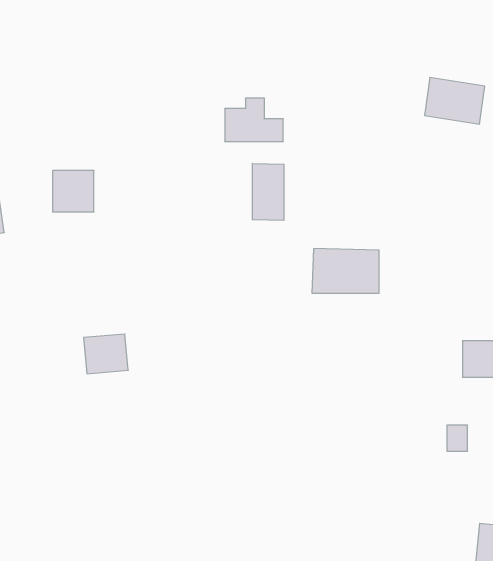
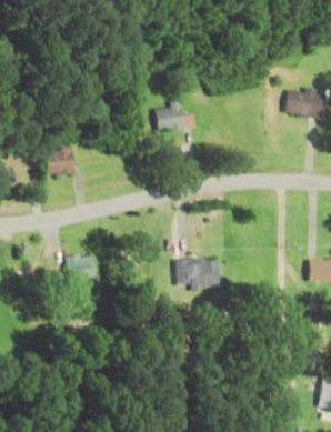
building: [252,163,284,220] -> none
building: [312,249,379,293] -> [175,258,219,287]

